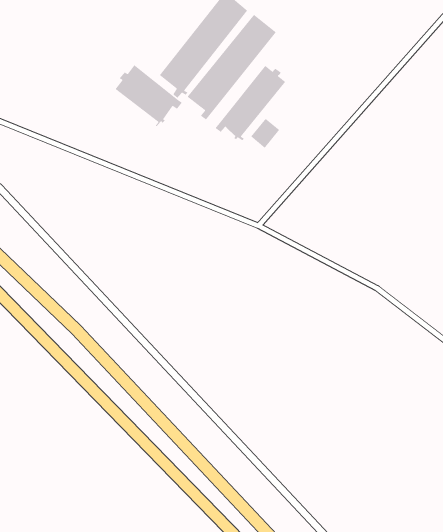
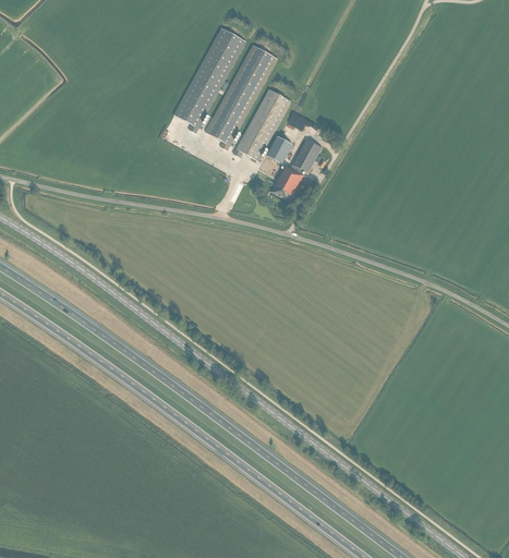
building: [115,64,183,127] -> none
building: none -> [270,137,322,199]

